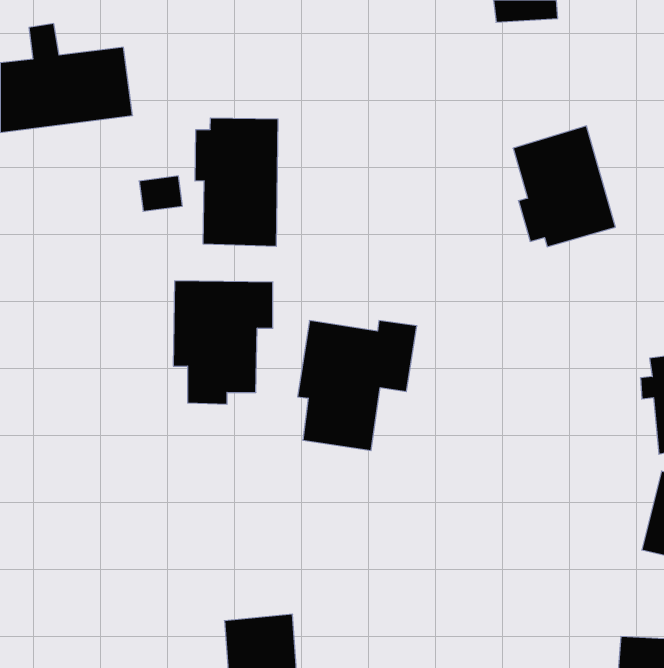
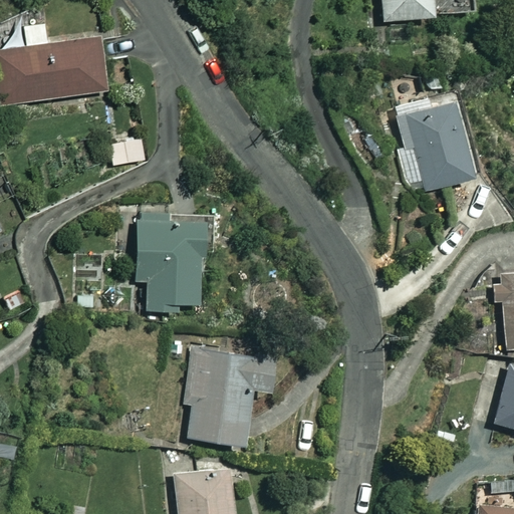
building: [195,118,278,246] -> none
building: [298,321,417,451] -> [182,346,273,446]

